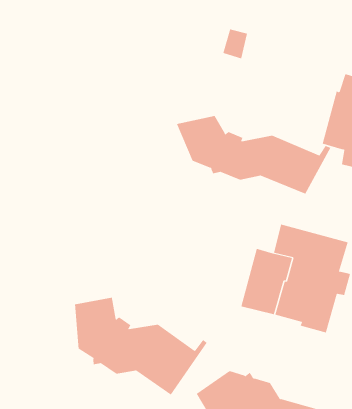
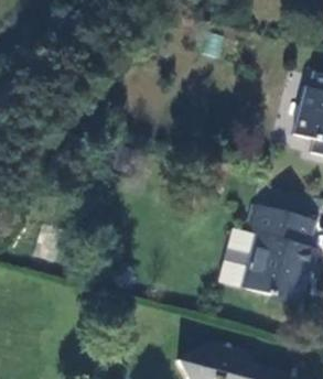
building: [176,115,331,194] -> none
building: [75,297,208,395] -> none

